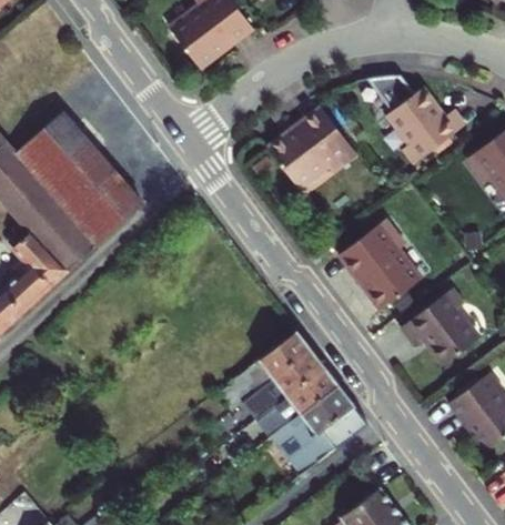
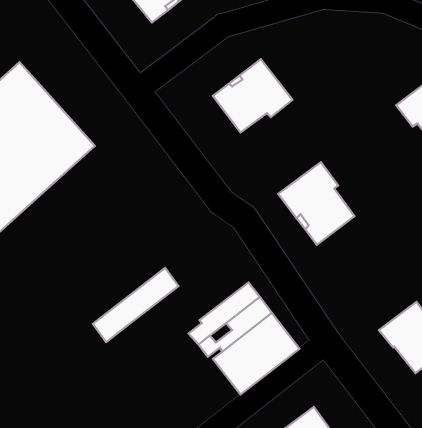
building: [366,78,465,165] -> none
building: [403,292,481,366] -> none
building: [215,332,309,413] -> [93,268,178,342]

